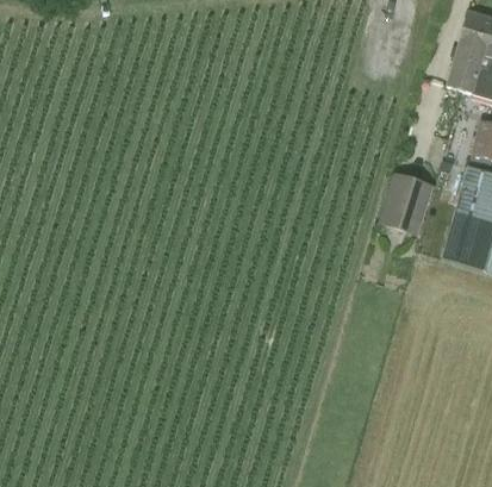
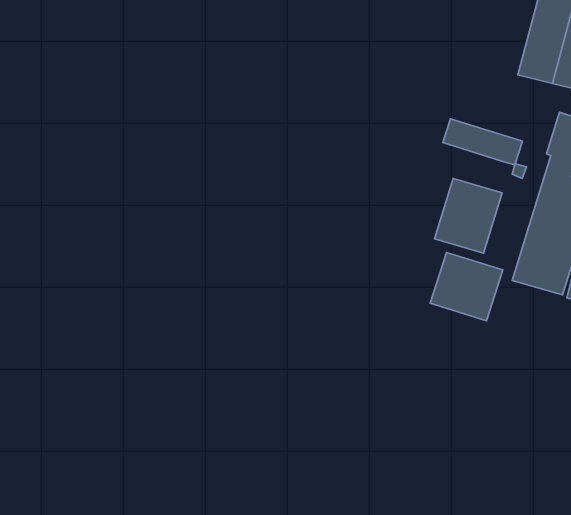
building: none -> [443,119,522,165]
building: none -> [430,252,503,321]

